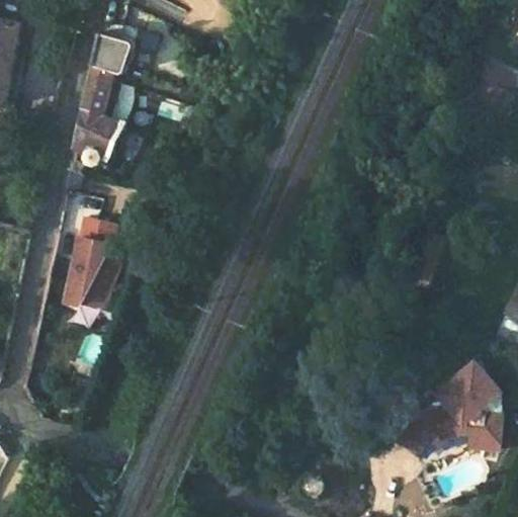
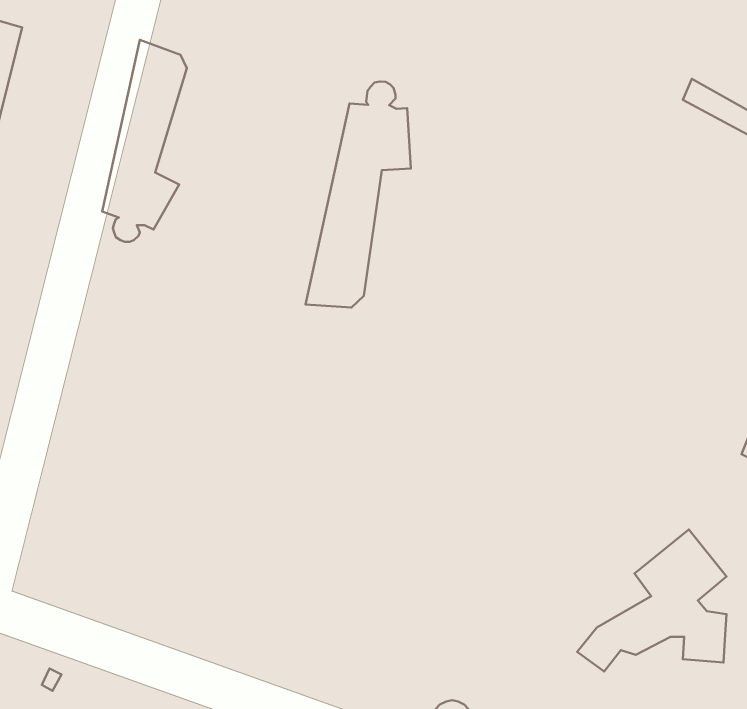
building: none -> [305,81,411,308]
building: [59,216,120,309] -> none

